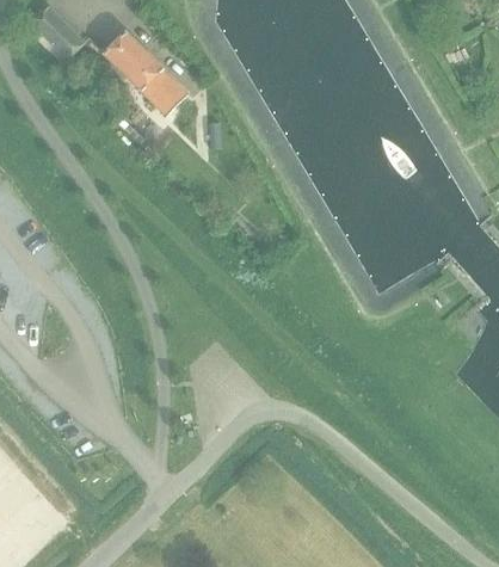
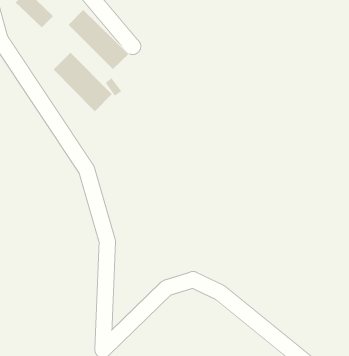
building: none -> [53,52,112,112]

